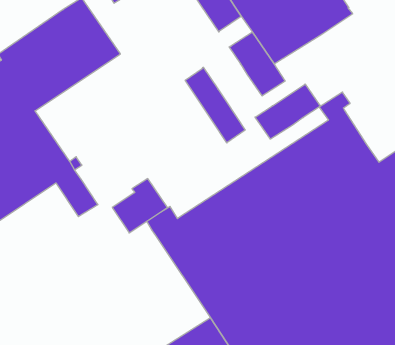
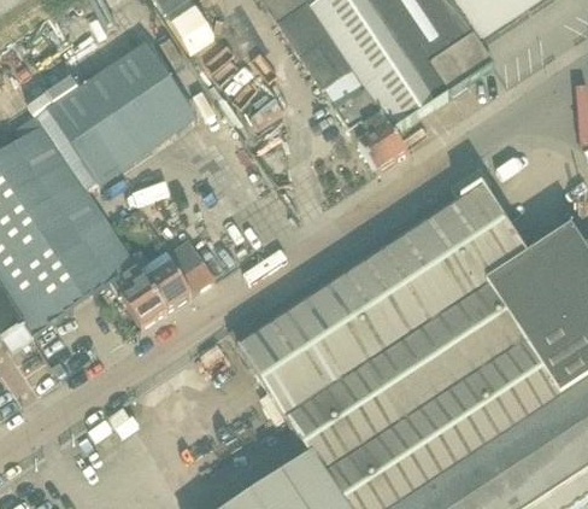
building: [185,67,245,143] -> none
building: [255,84,320,139] -> none
building: [112,179,167,233] -> [145,238,216,308]

